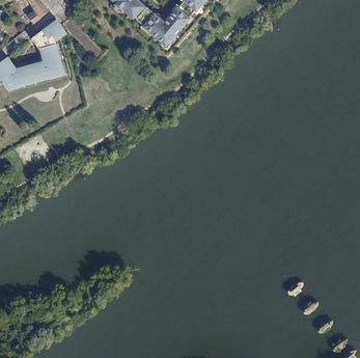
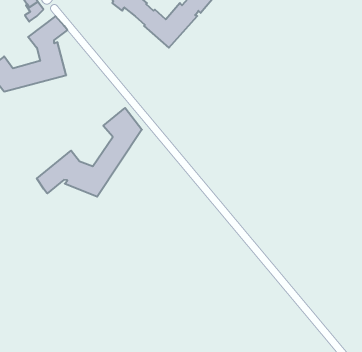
building: none -> [37,108,142,197]

